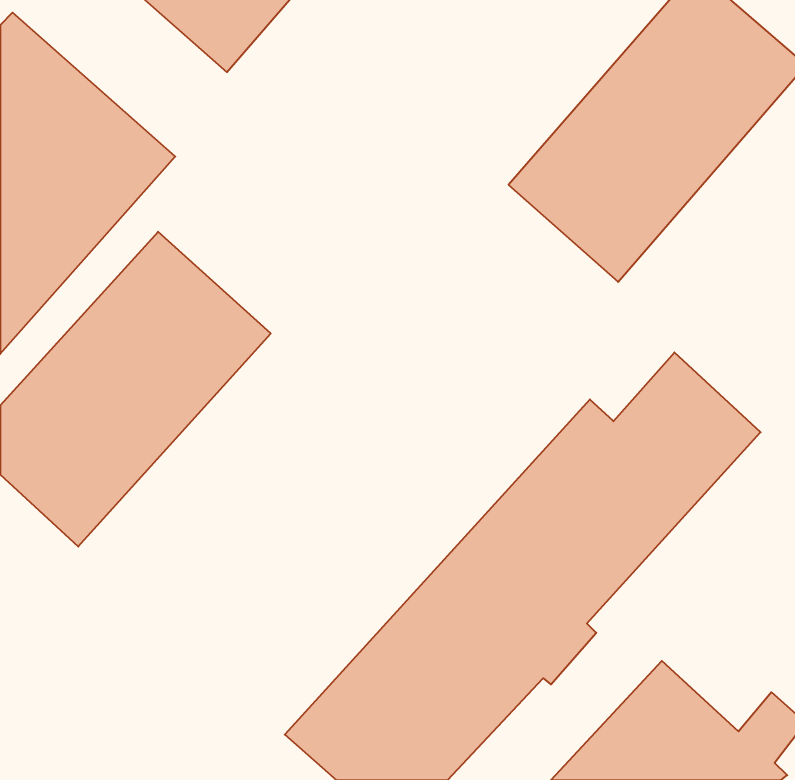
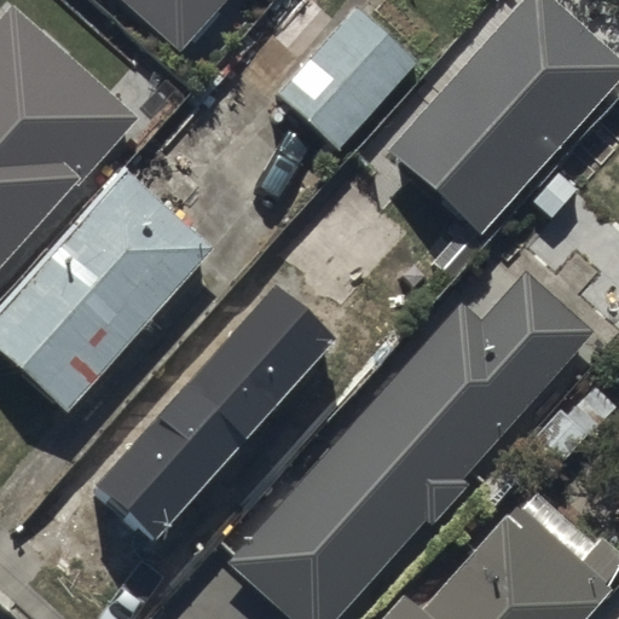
building: none -> [274,8,416,152]
building: none -> [98,273,335,531]

